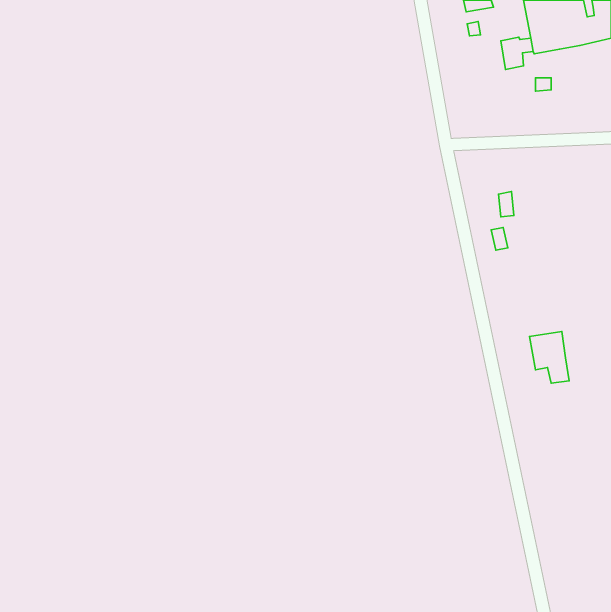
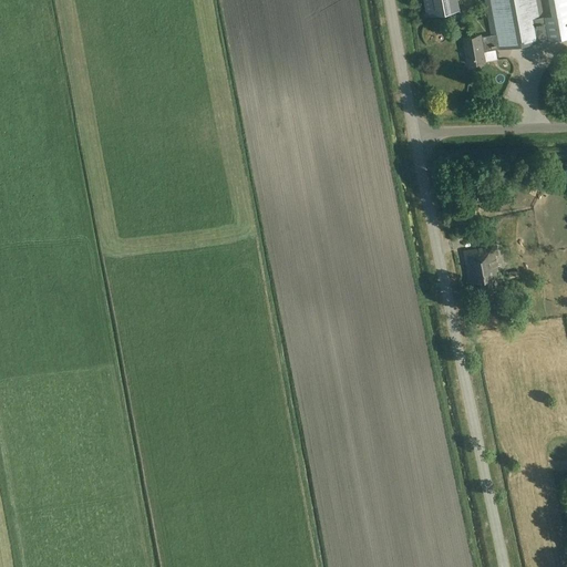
building: [529,332,569,383] -> [463,247,499,295]

